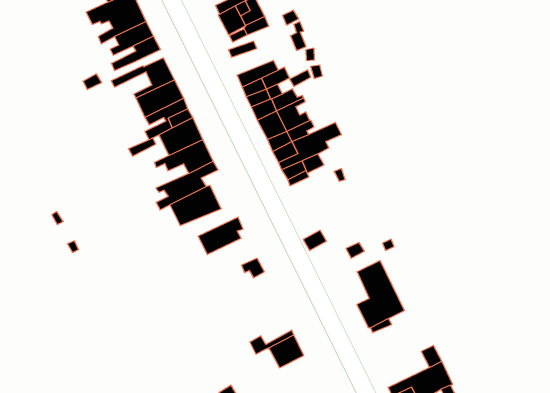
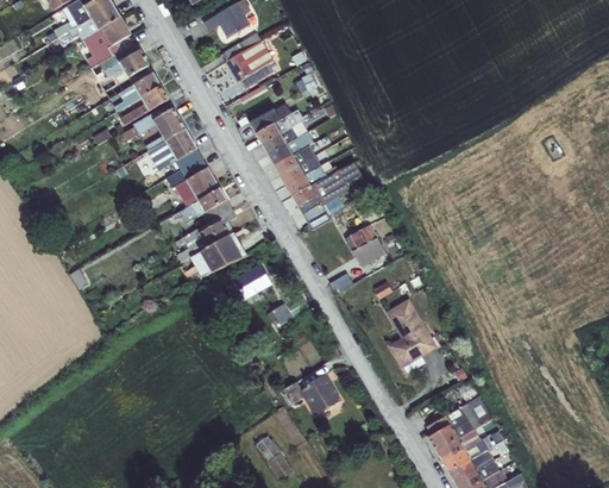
building: none -> [343,220,385,267]

